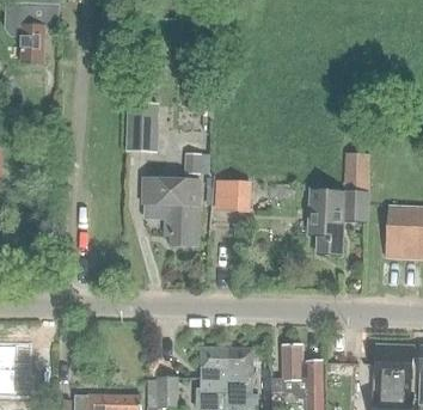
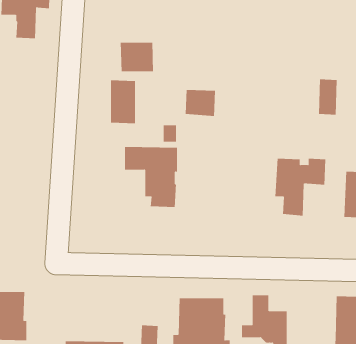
building: none -> [120,42,154,72]
building: [345,152,367,192] -> [318,79,338,115]
building: [214,180,249,210] -> [185,89,216,116]

